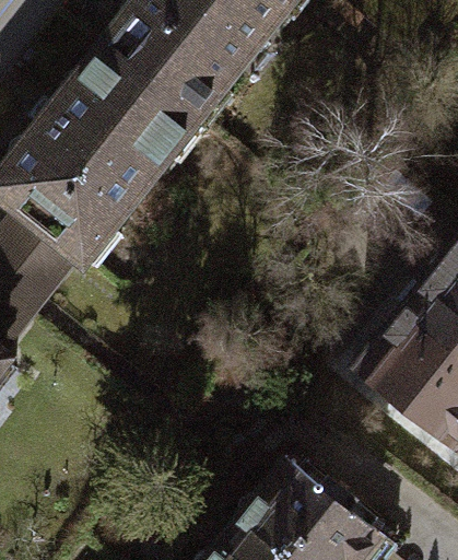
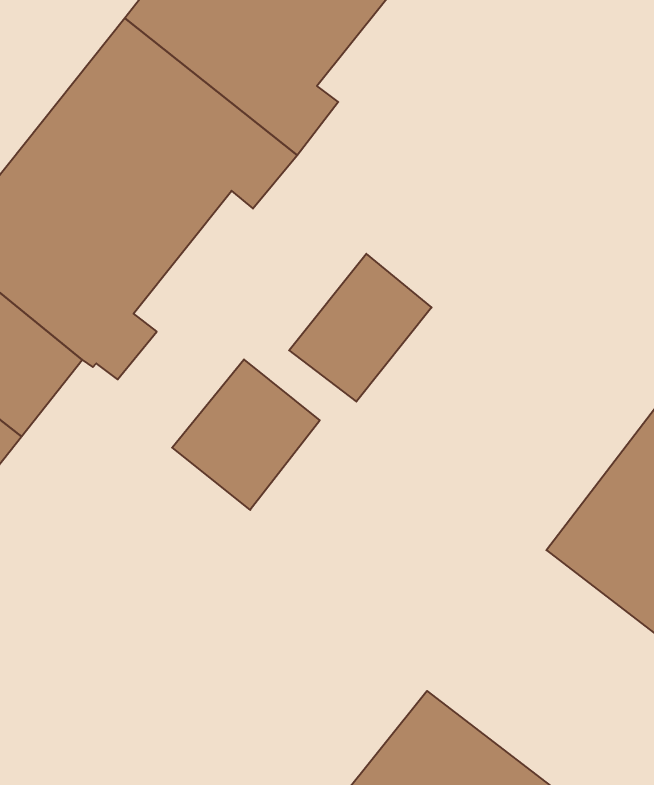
building: none -> [289,254,432,402]
building: none -> [172,359,320,510]

